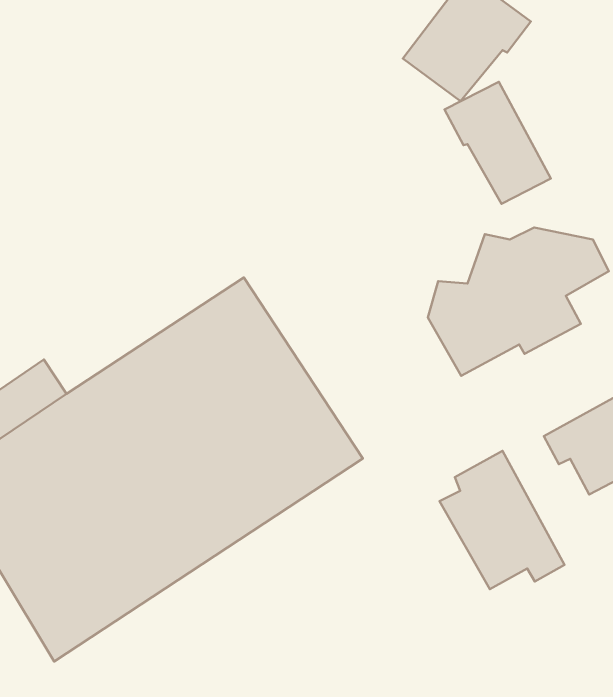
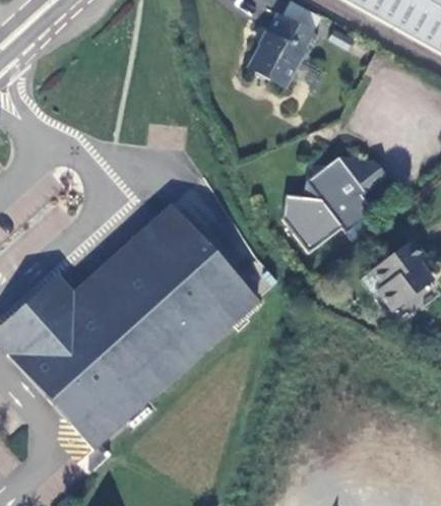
building: [445,82,551,204] -> none
building: [439,451,564,589] -> none

